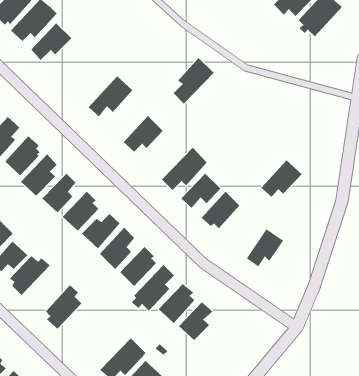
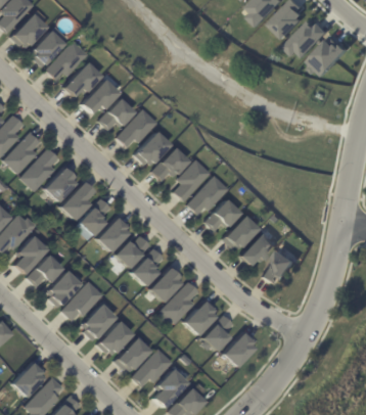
building: none -> [80,77,118,112]
building: [173,57,214,105] -> [172,157,210,200]
building: none -> [100,96,138,128]
building: none -> [133,130,169,164]
building: [261,160,302,198] -> [238,229,276,264]
building: none -> [59,279,101,319]
building: none -> [95,319,131,354]
building: none -> [221,329,255,366]
building: none -> [112,336,148,370]

